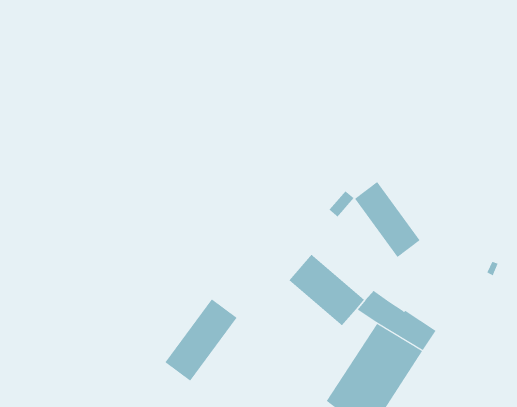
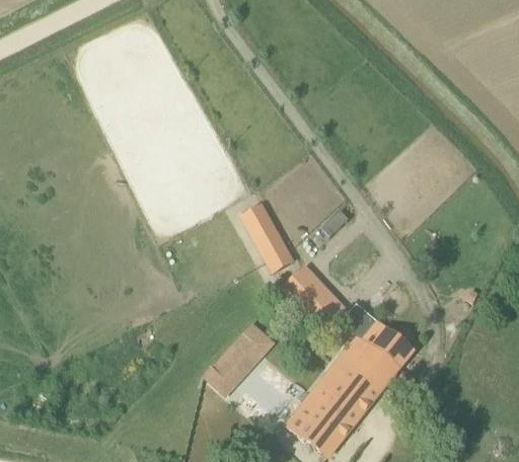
building: [354,181,421,258] -> [236,200,294,273]
building: [164,299,237,381] -> [203,322,275,397]

